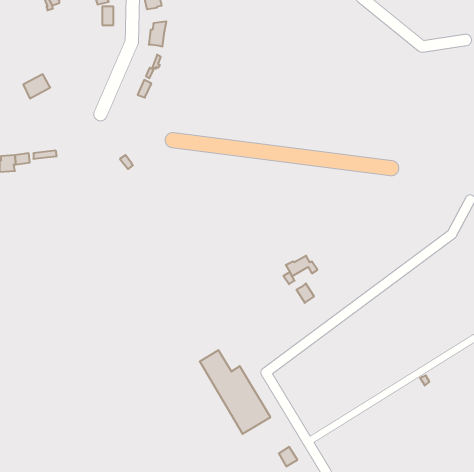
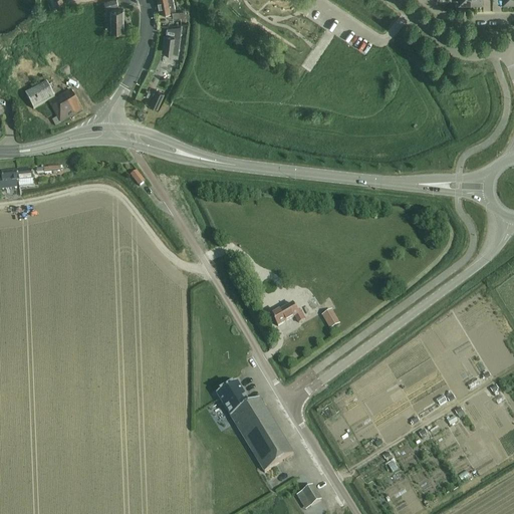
building: none -> [47,86,81,122]
building: [286,256,317,276] -> [270,301,304,323]

